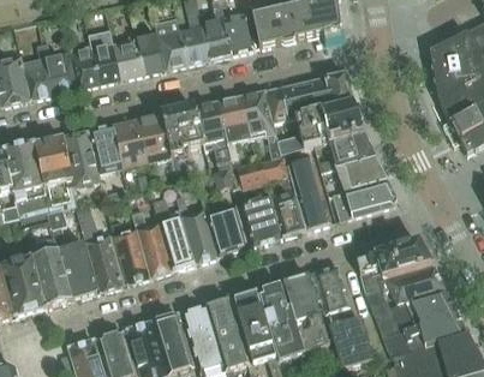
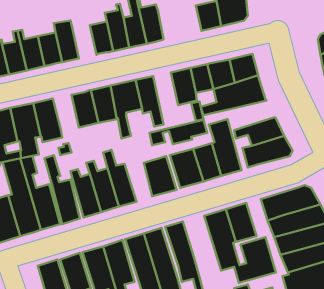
building: [251,10,279,47] -> none
building: [222,11,253,53] -> none
building: [112,35,143,78] -> none
building: [216,96,249,163] -> none
building: [86,125,120,172] -> none
building: [317,132,374,170] -> none
building: [174,195,215,263] -> none
building: [255,281,304,360] -> none

